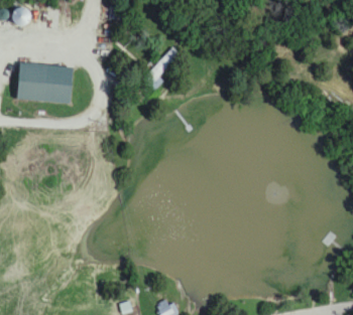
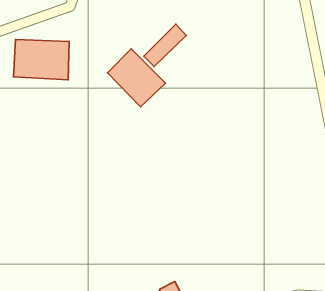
building: none -> [107,49,166,107]

